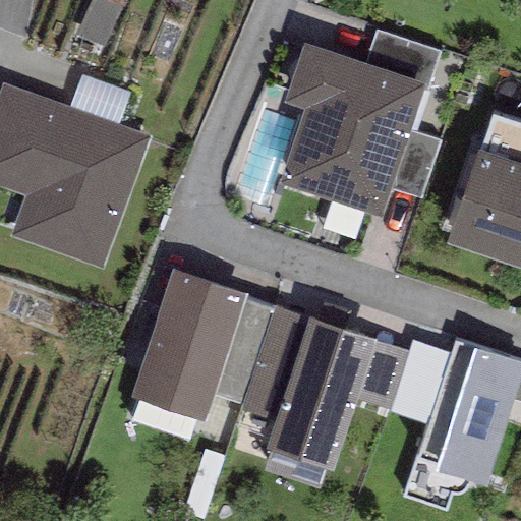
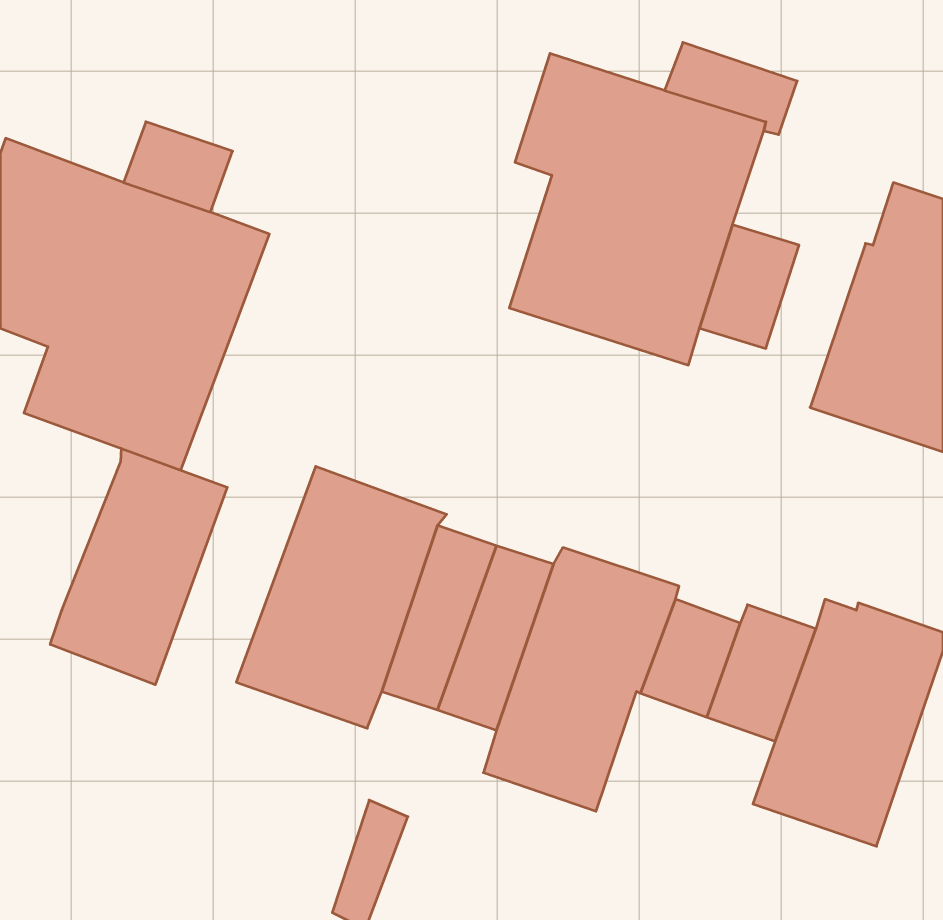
building: none -> [50,448,227,685]

